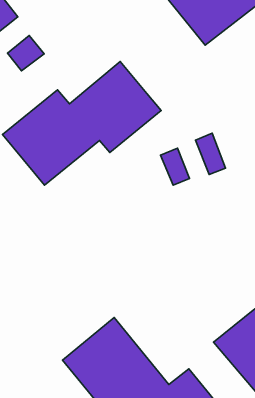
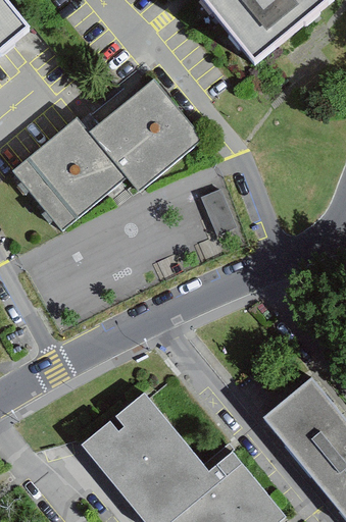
building: [7,35,44,71] -> none
building: [195,133,225,174] -> none

